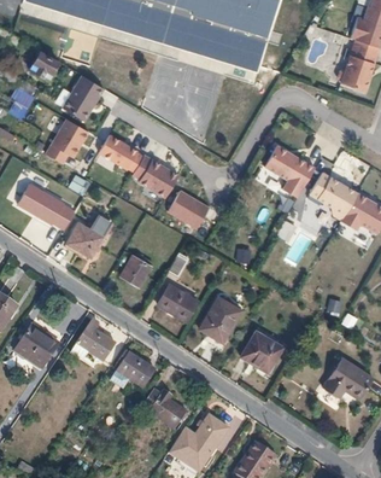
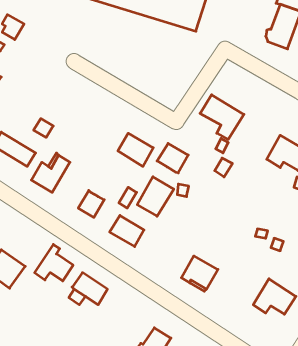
building: [60,74,102,119] -> none
building: [45,117,88,164] -> none
building: [98,133,136,168] -> none
building: [131,153,177,196] -> none
building: [307,170,354,218] -> none
building: none -> [157,143,188,173]
building: [199,296,241,342] -> [137,177,174,216]
building: [141,387,187,429] -> none

